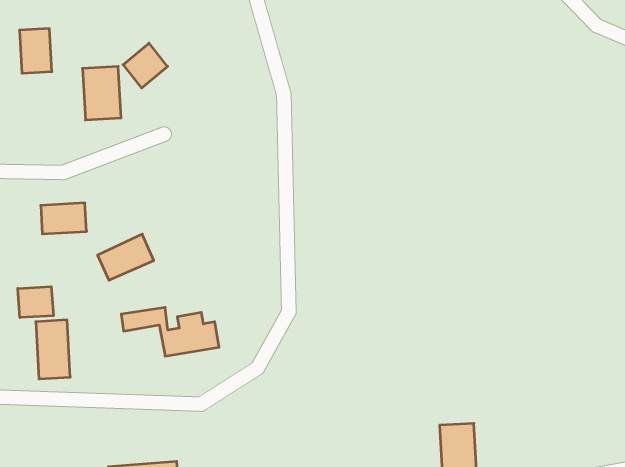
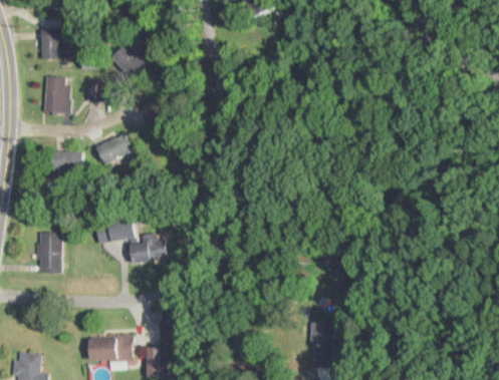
building: [82,66,121,120] -> [45,76,70,112]
building: [98,234,154,280] -> [95,133,135,164]
building: [18,287,53,318] -> none

